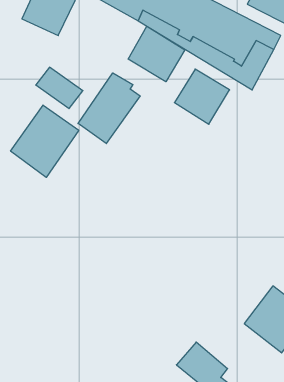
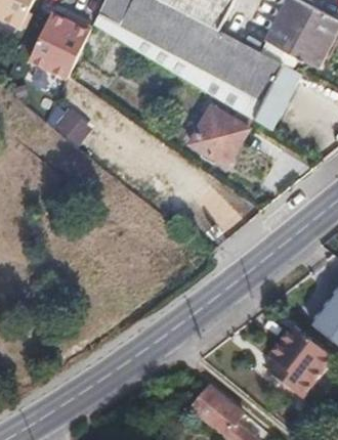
building: [128,26,185,82] -> none
building: [78,73,140,144] -> none
building: [11,105,79,177] -> none

